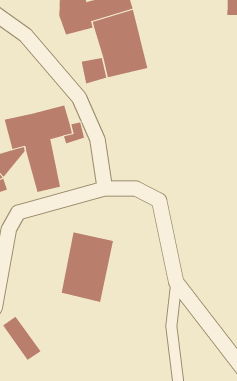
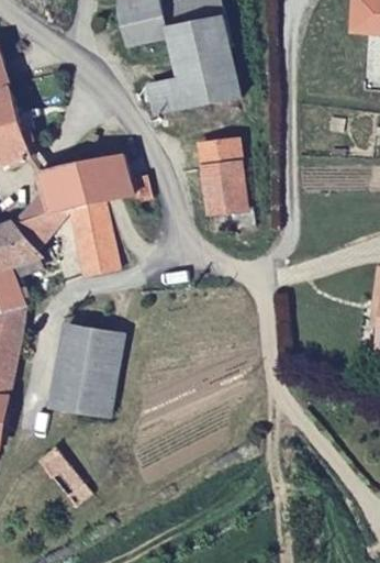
building: none -> [199,137,254,232]
building: [61,232,114,303] -> [53,317,125,413]

